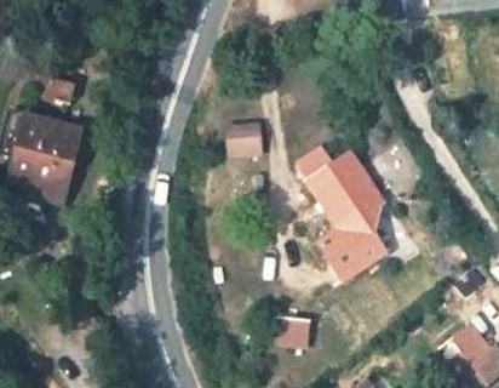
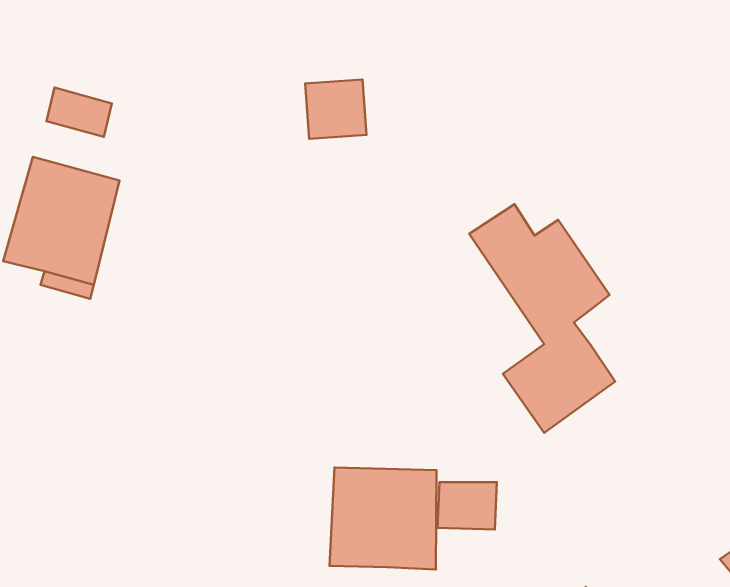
building: [226,119,264,155] -> [305,80,366,139]
building: none -> [329,467,437,570]

